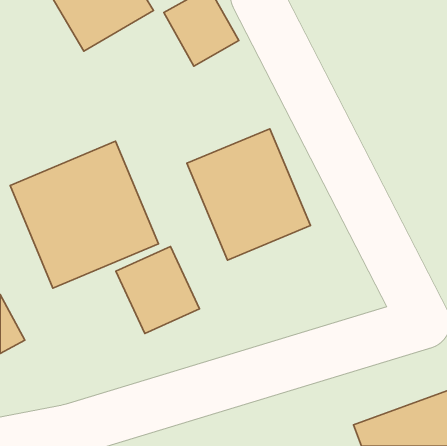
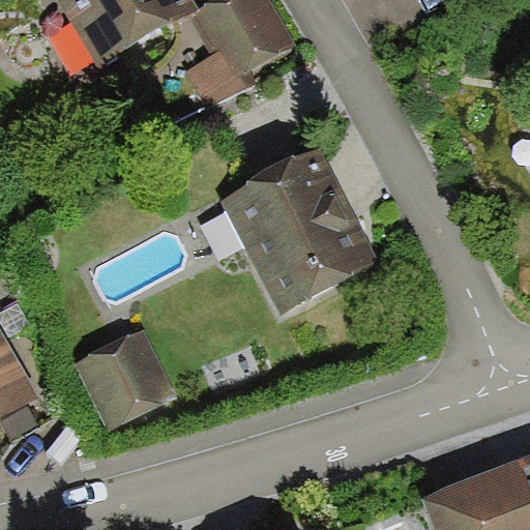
building: [10,141,158,288] -> none
building: [116,246,200,334] -> [75,330,173,433]

